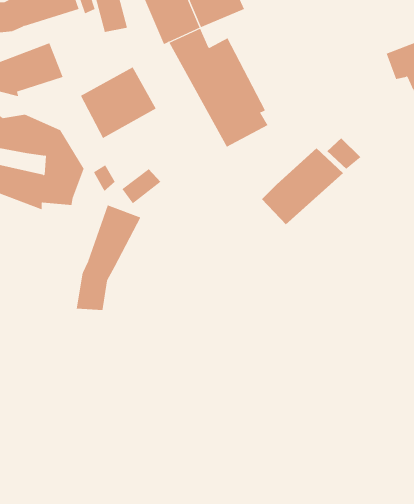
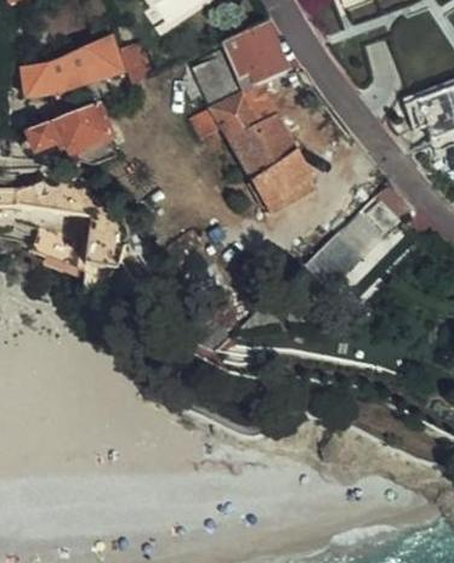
building: [80,67,156,139] -> none
building: [76,205,141,311] -> none

